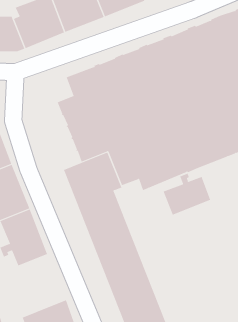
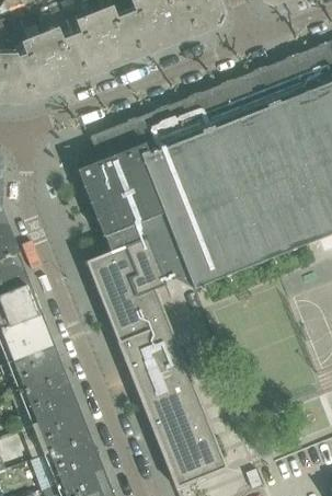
building: [163,173,211,216] -> none
building: none -> [25,374,91,452]

